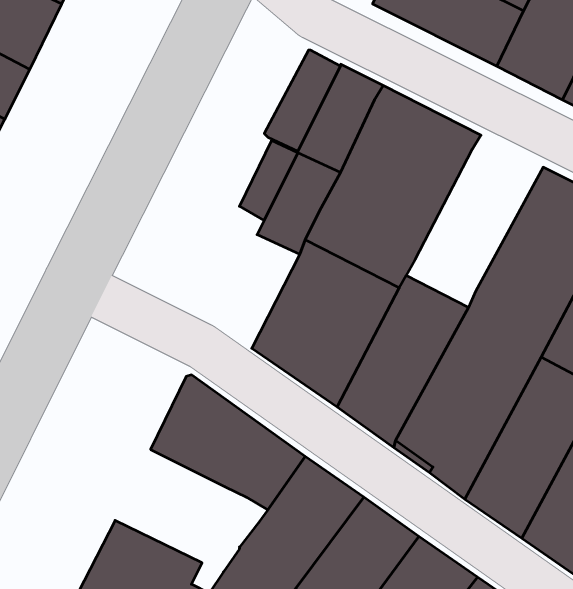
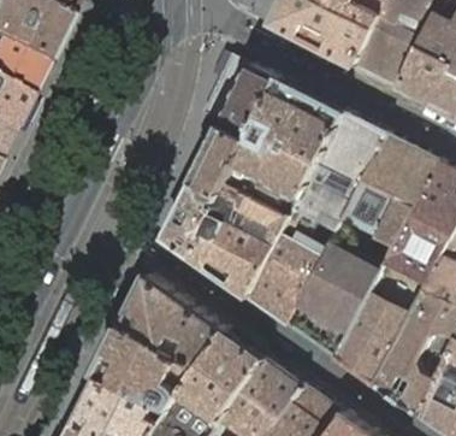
building: none -> [297,114,390,231]
building: none -> [167,182,225,259]
building: none -> [100,328,203,411]

